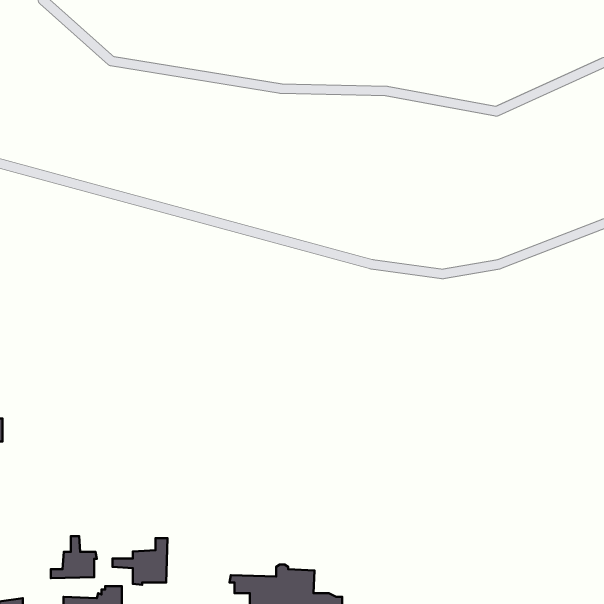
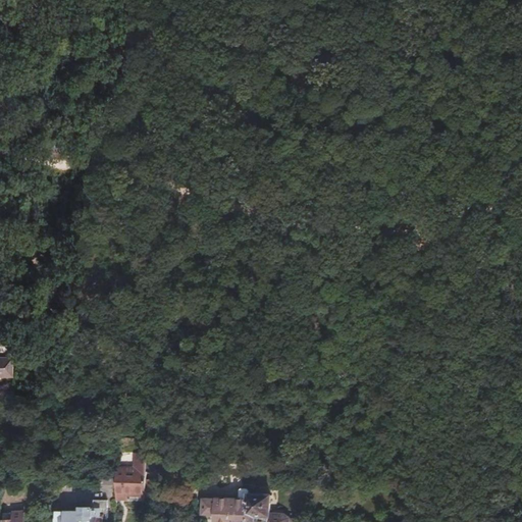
building: [51,536,97,578] -> none

